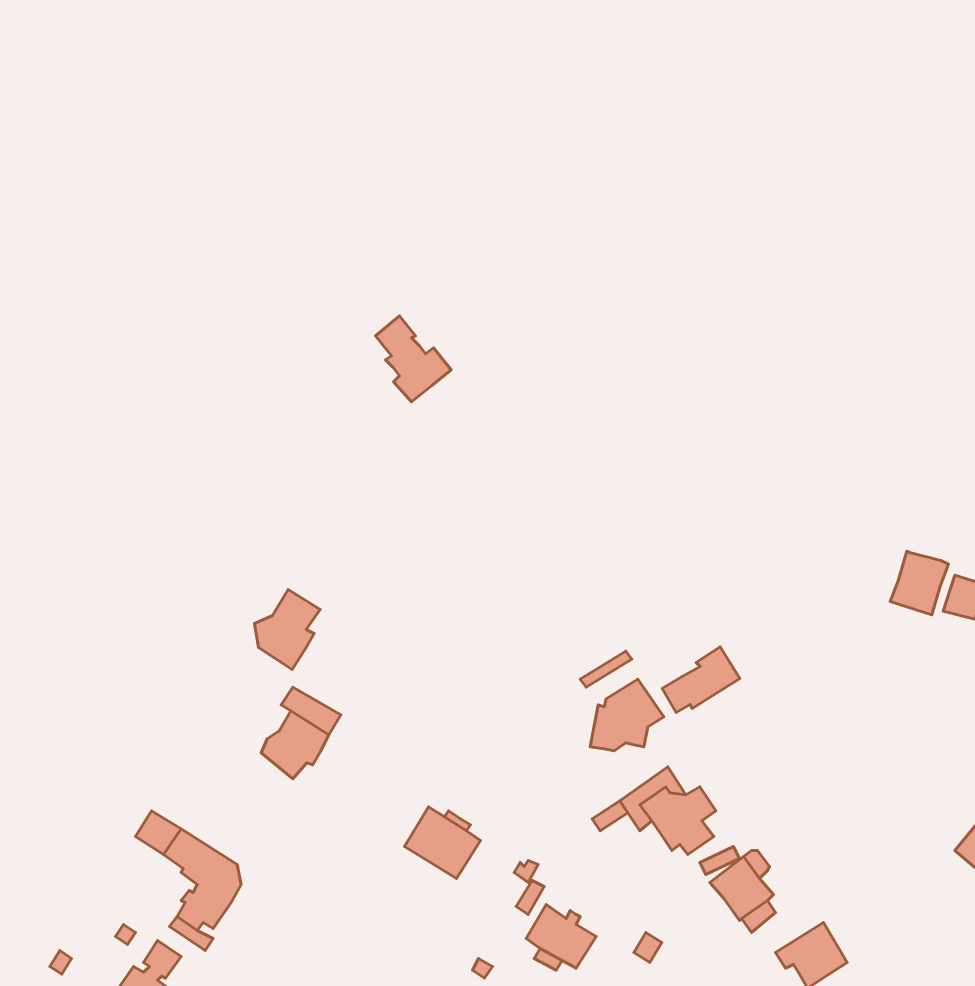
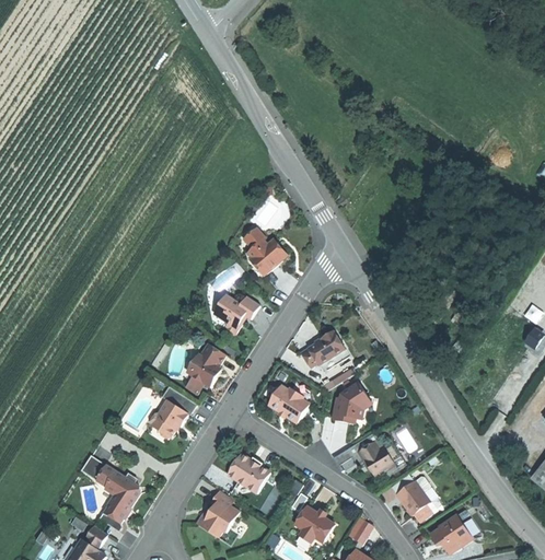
building: [376,316,451,402] -> [243,226,285,273]
building: none -> [213,293,258,332]
building: [890,551,949,615] -> none
building: [254,590,320,669] -> [188,342,224,386]
building: [662,647,740,713] -> [302,329,345,365]
building: none -> [269,386,309,420]
building: none -> [196,490,235,537]

